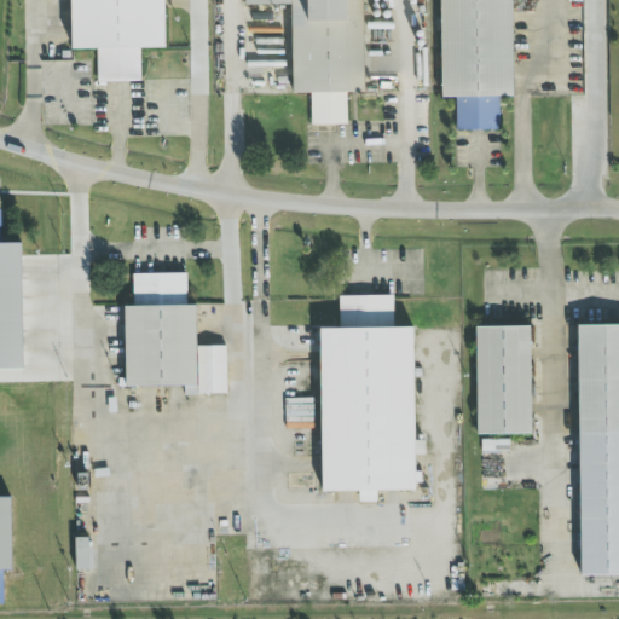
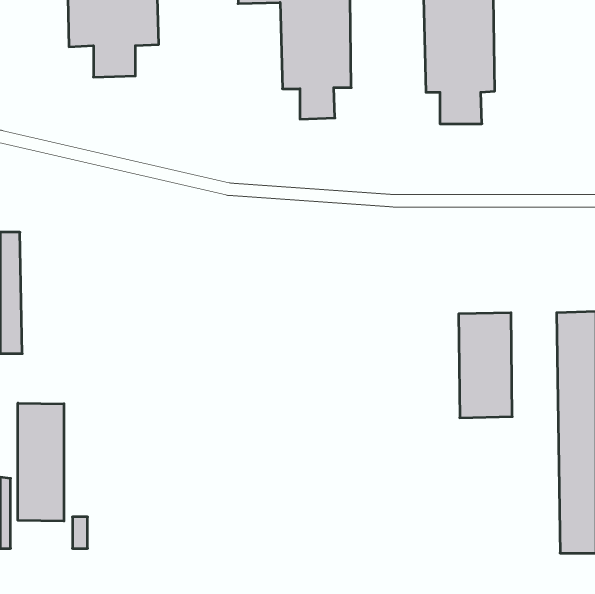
building: [125,272,227,393] -> none
building: [320,294,416,501] -> none
building: none -> [18,403,64,521]

